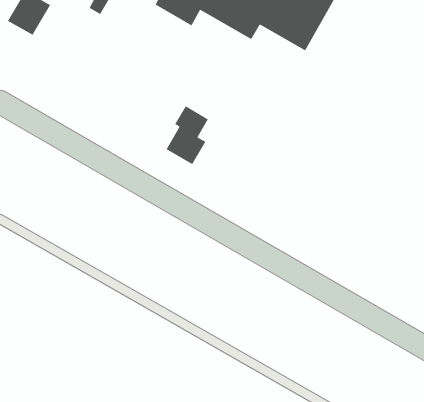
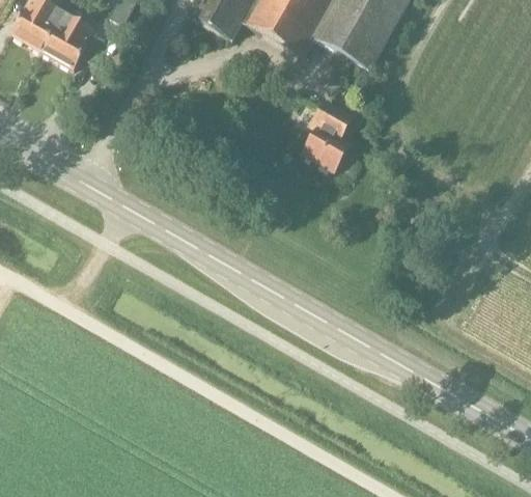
building: none -> [41,10,104,65]
building: [166,105,209,165] -> [302,96,354,168]

